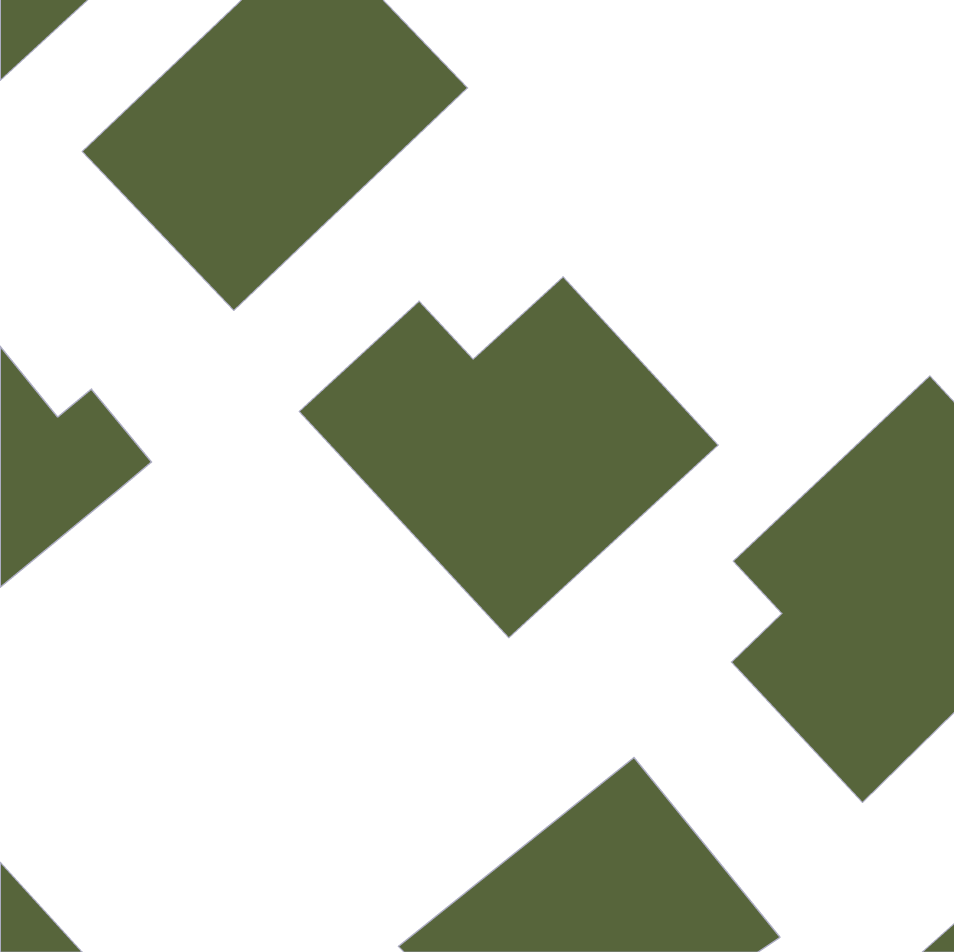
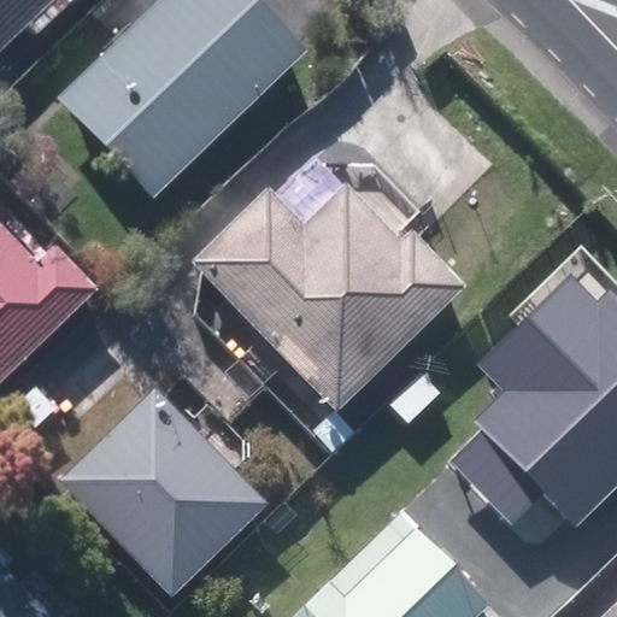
building: none -> [61,389,266,595]

